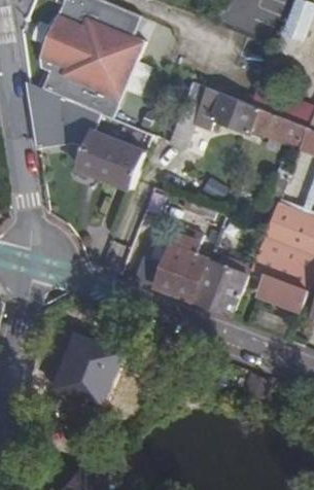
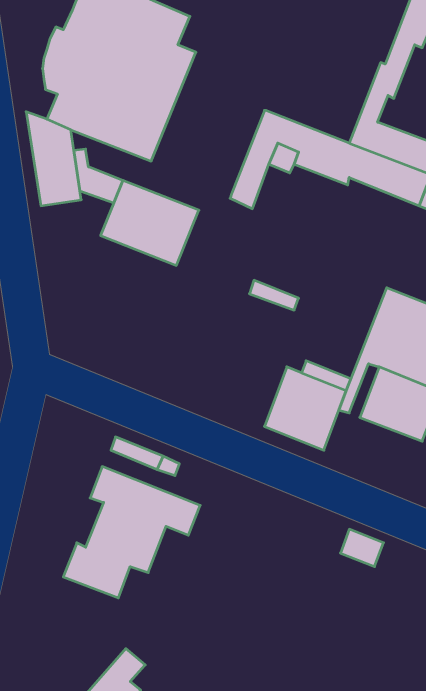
building: [134,226,206,300] -> none

